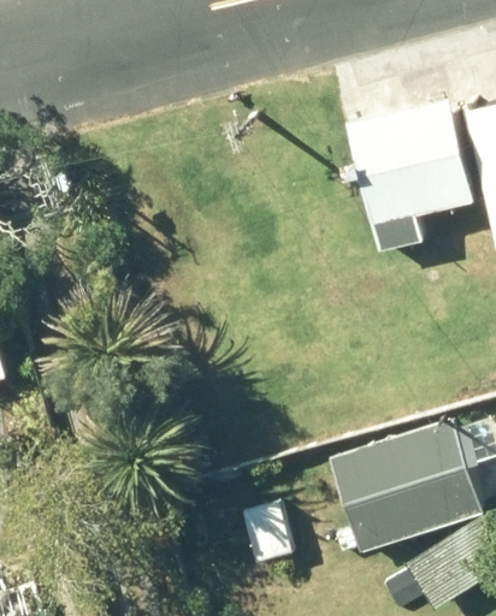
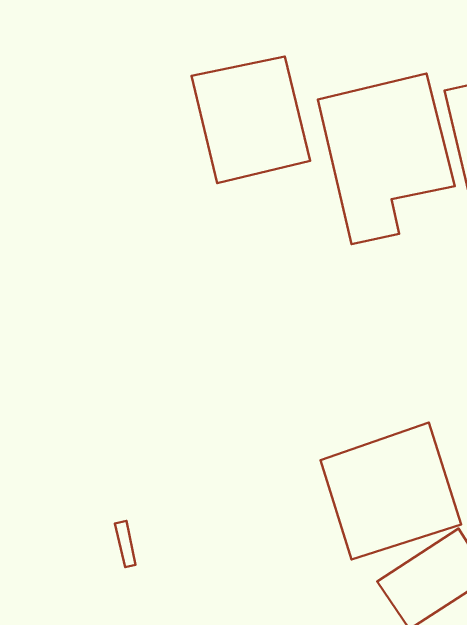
building: none -> [192,57,310,183]

